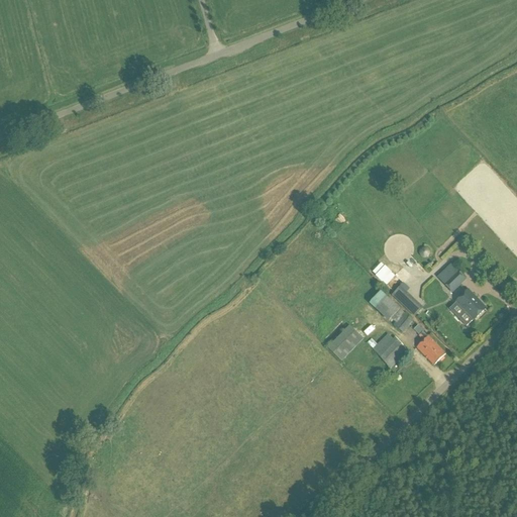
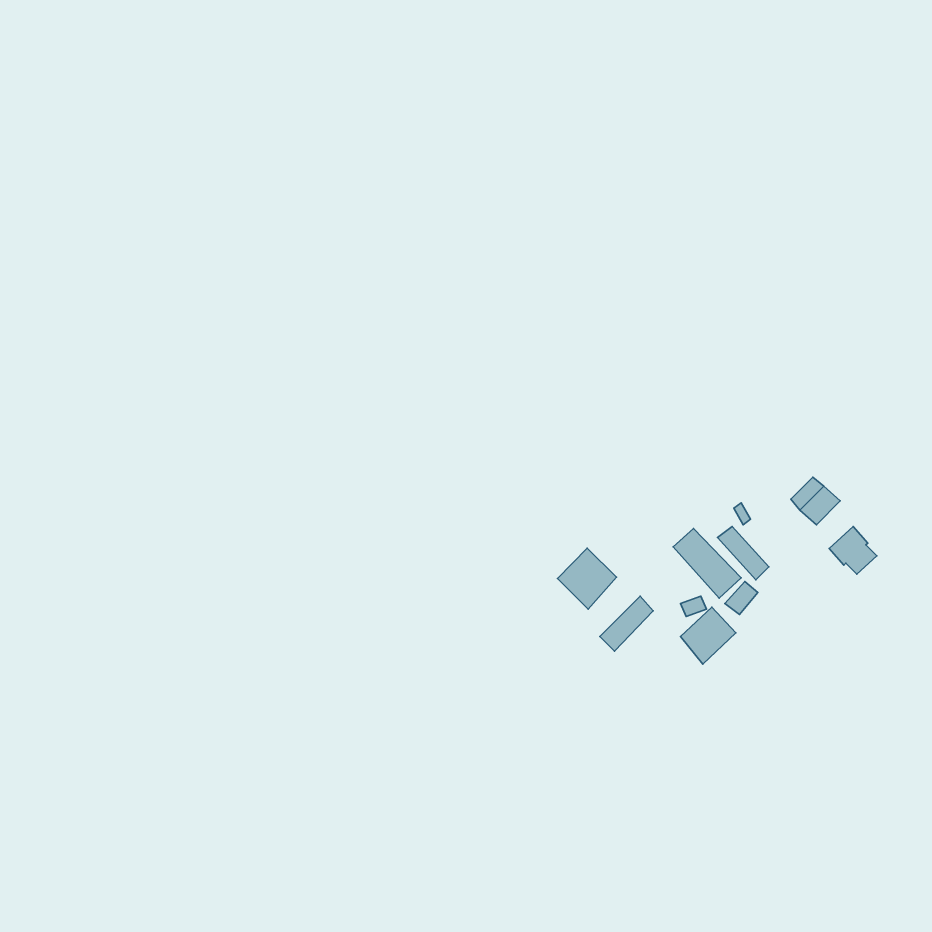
building: none -> [558,548,616,609]
building: [413,333,442,361] -> none

